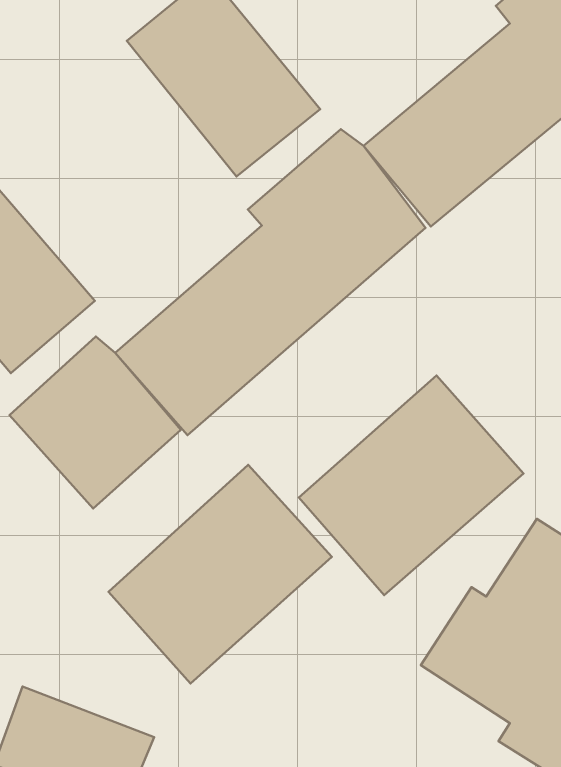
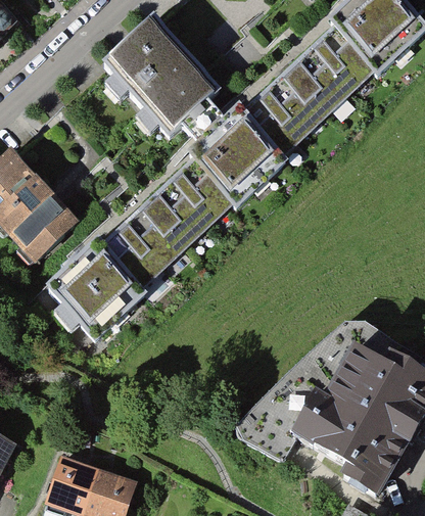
building: [299,376,523,595] -> none
building: [109,465,332,683] -> none

